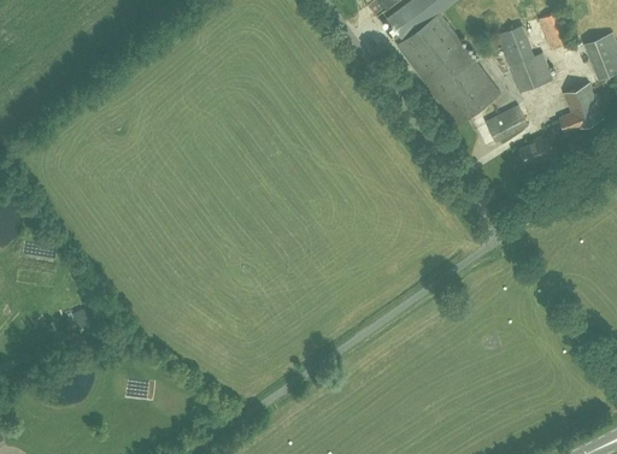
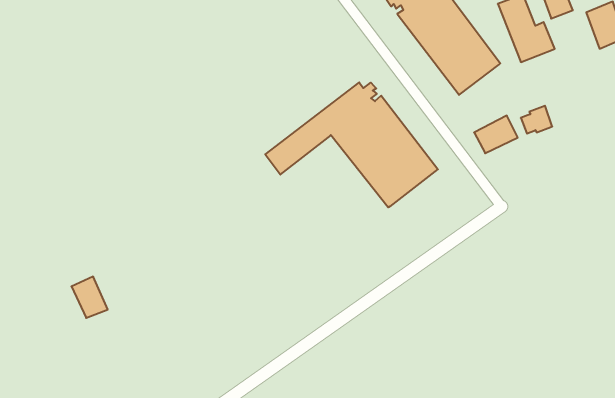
building: [559,83,603,132] -> none
building: [484,105,528,142] -> [474,116,518,153]
building: none -> [265,82,438,207]

